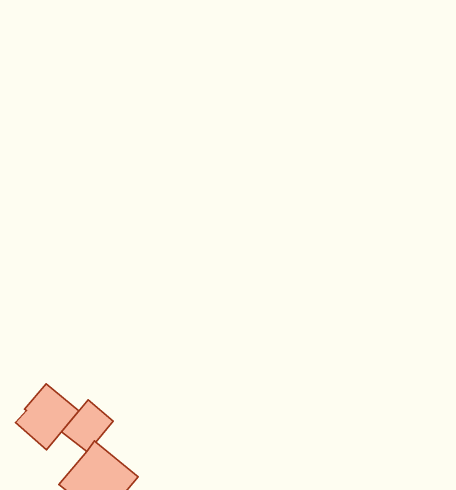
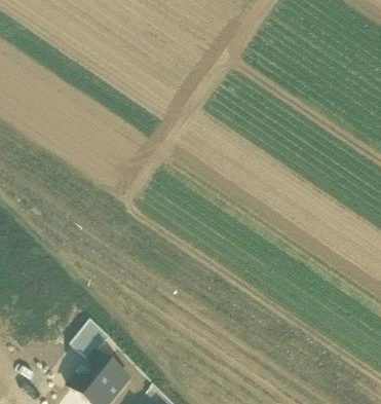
building: [16,384,79,450] -> none

